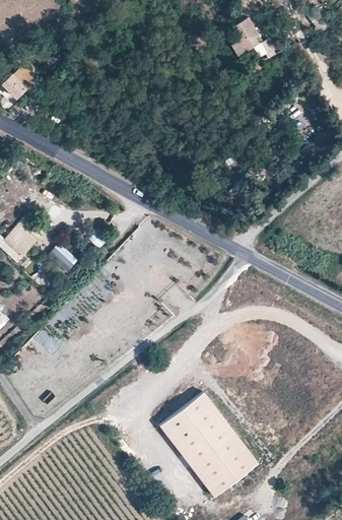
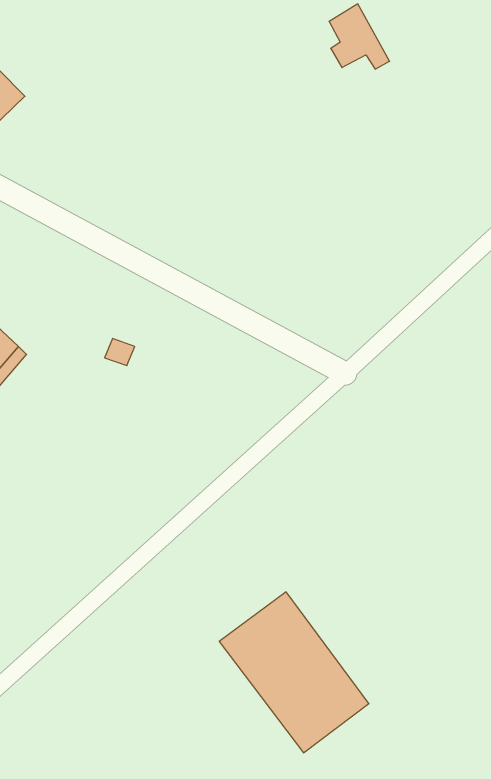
building: [47,242,77,271] -> none

